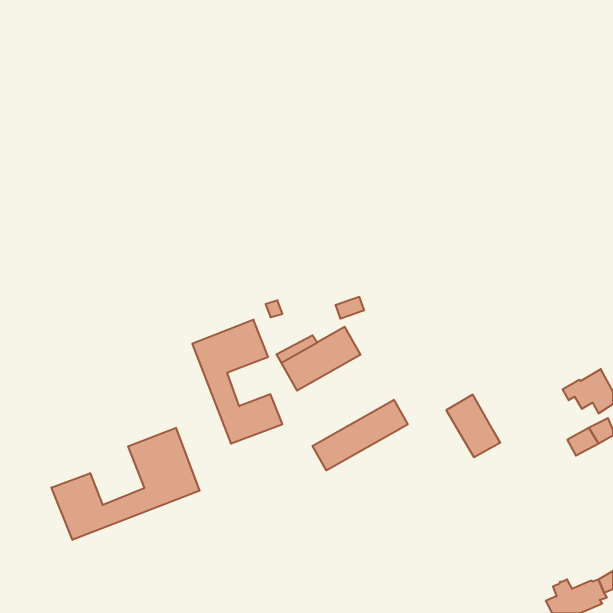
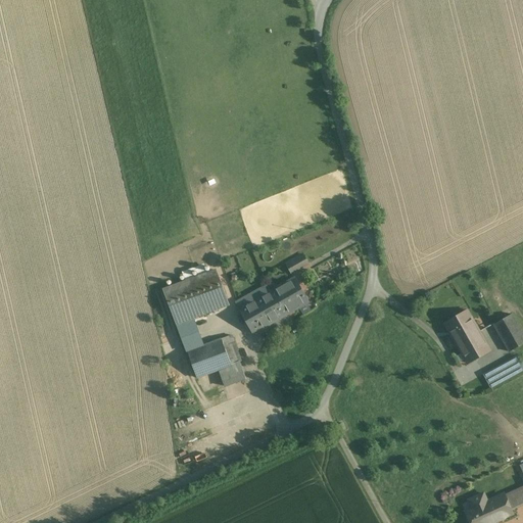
building: [446,395,500,457] -> [443,310,489,363]
building: [313,400,408,470] -> none
building: [51,428,200,540] -> none

